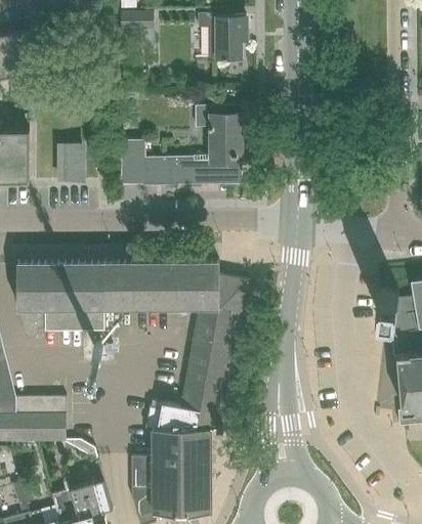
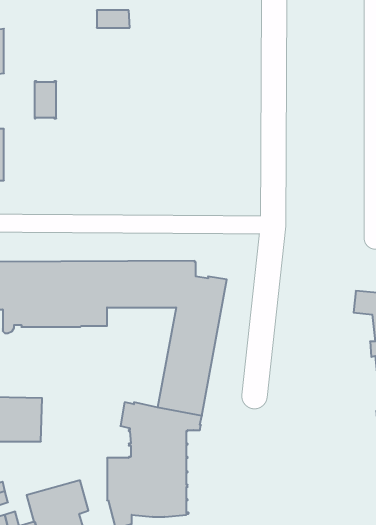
building: [197,10,247,57] -> none
building: [120,105,242,186] -> none
building: [59,144,81,181] -> [35,81,56,118]

